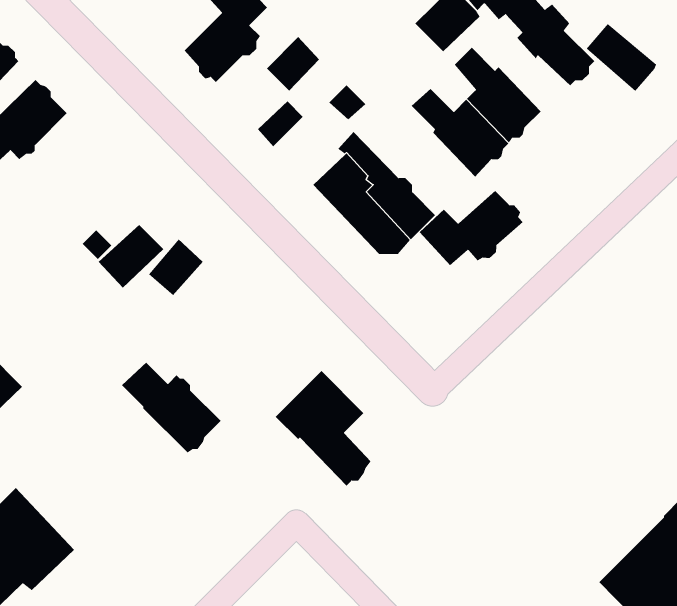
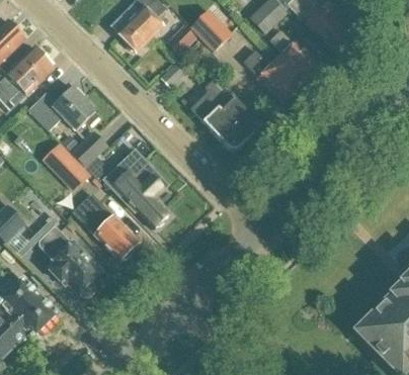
building: none -> [189,8,232,51]
building: [586,23,657,92] -> none
building: none -> [28,87,98,130]
building: [419,190,523,266] -> none
building: none -> [52,151,89,187]
building: [275,370,371,487] -> [113,162,168,227]
building: none -> [37,224,98,295]

